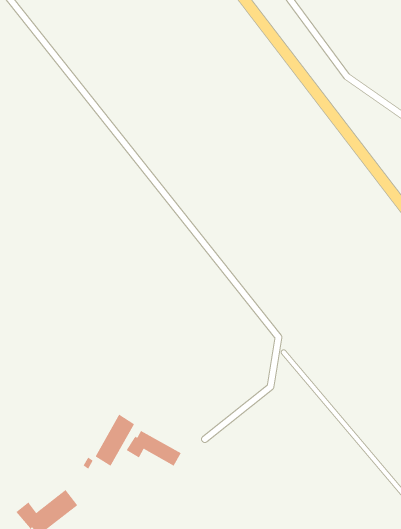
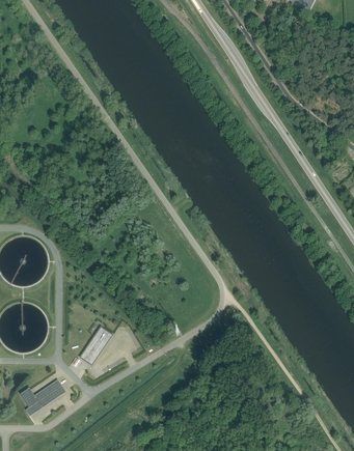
building: [126,430,181,467] -> none

